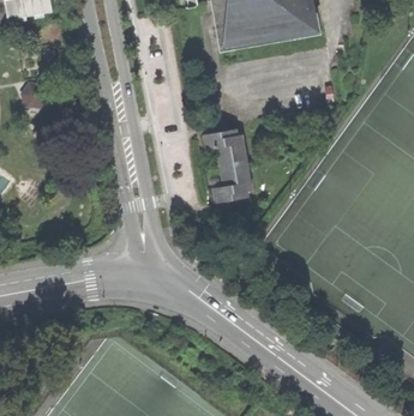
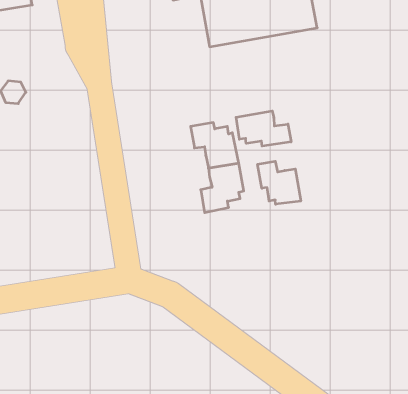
building: none -> [236,111,291,146]
building: none -> [258,161,301,204]

